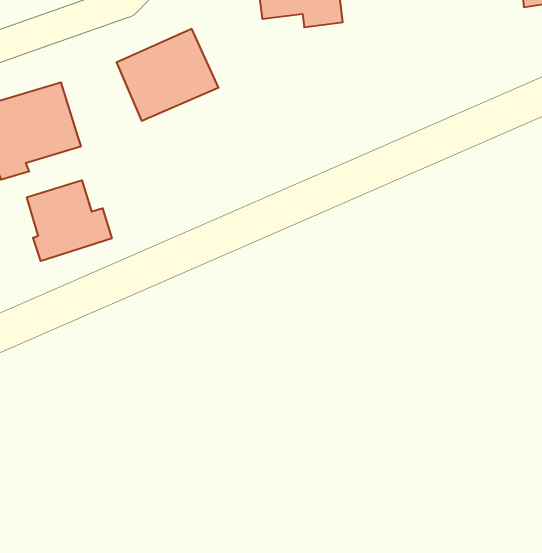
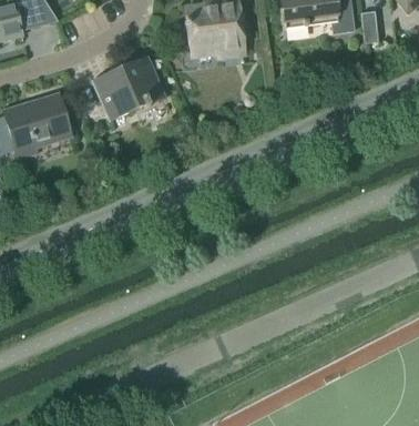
building: [27,180,112,261] -> none

